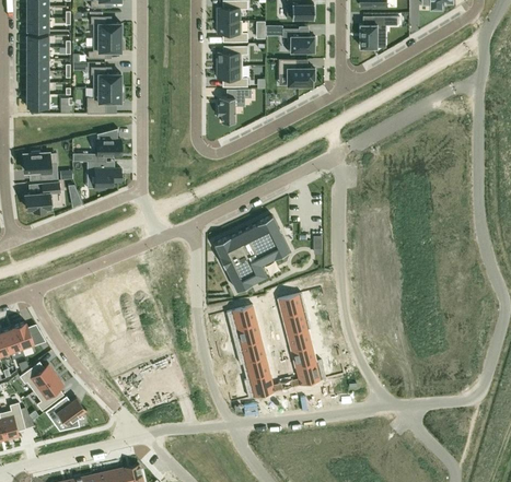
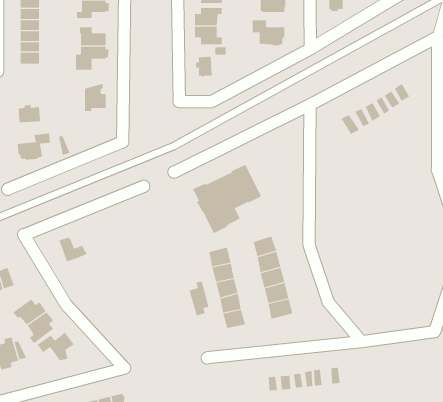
building: [88,162,120,190] -> none
building: [13,324,45,351] -> [58,237,88,262]
building: none -> [189,281,209,316]

